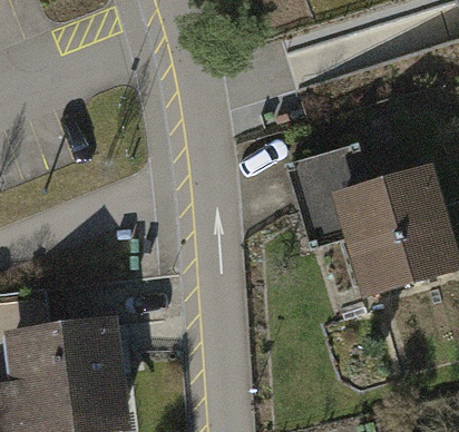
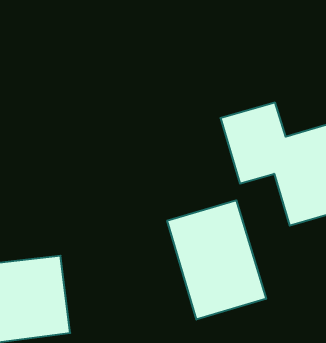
building: none -> [167,200,266,320]

